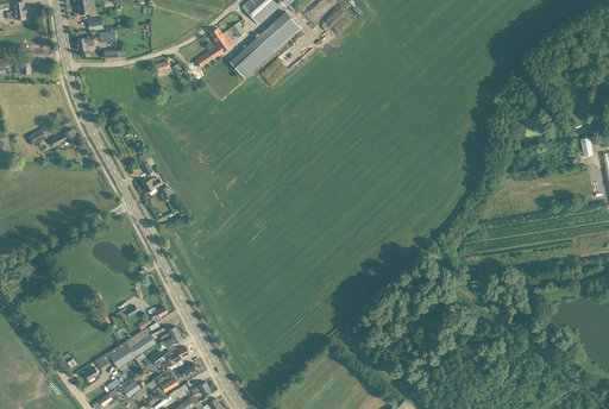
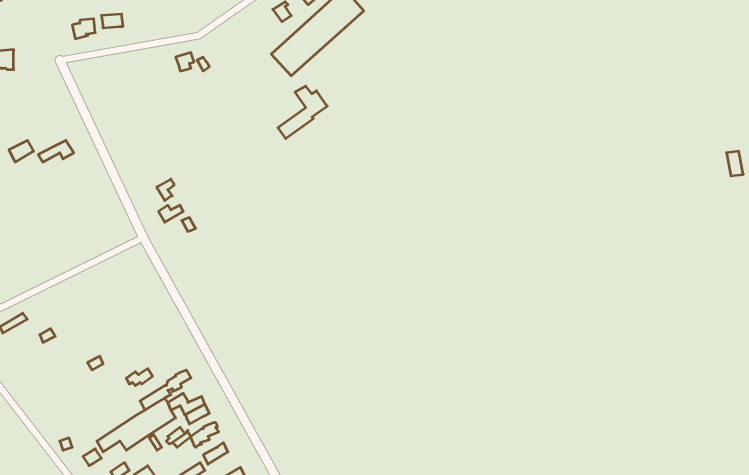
building: [195,27,233,68] -> [278,86,327,139]

